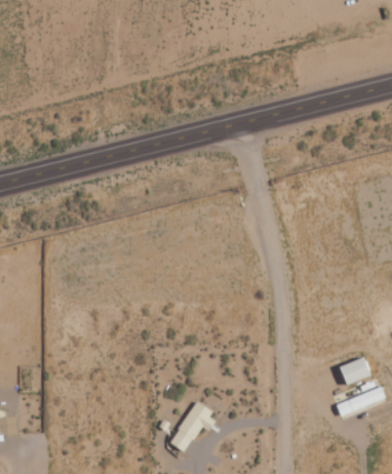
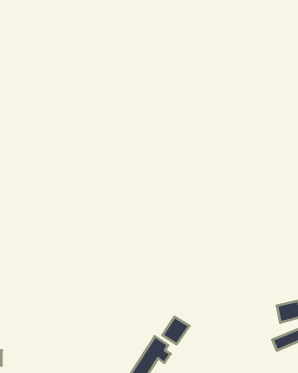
building: none -> [163,317,189,344]

